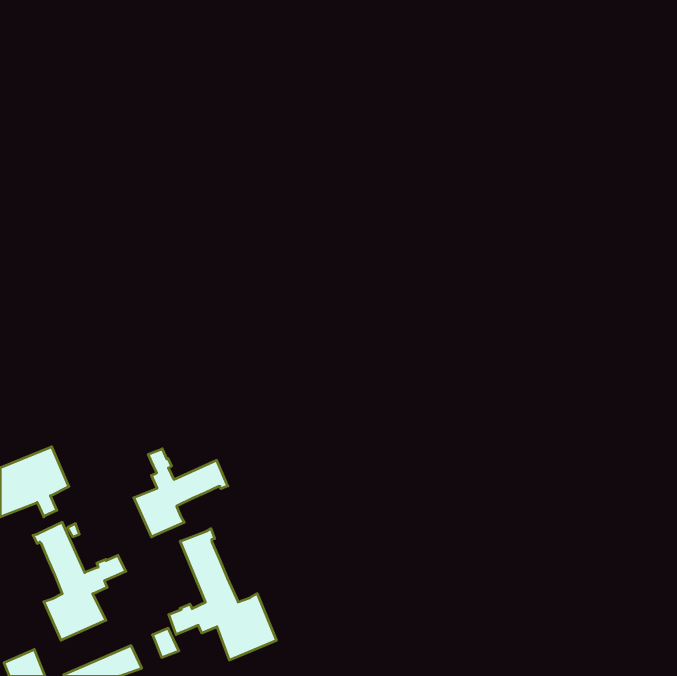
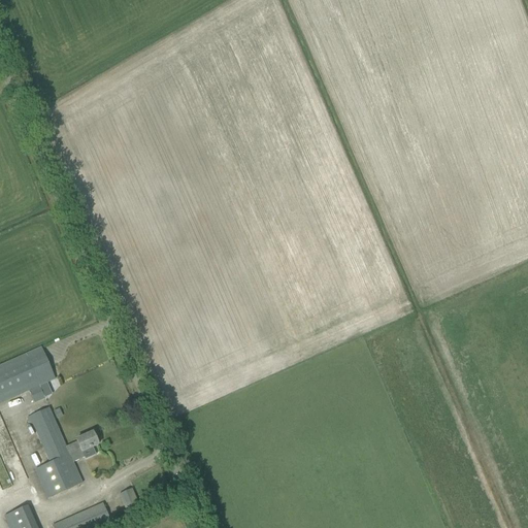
building: [134,449,228,537] -> none
building: [169,529,276,660] -> none

